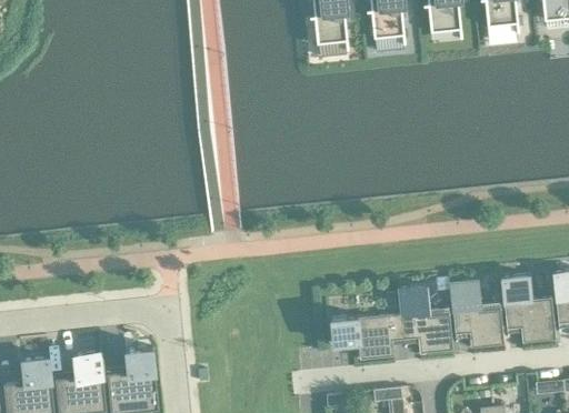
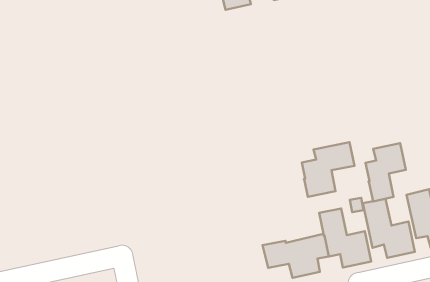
building: none -> [302,142,354,197]
building: none -> [365,143,406,201]

